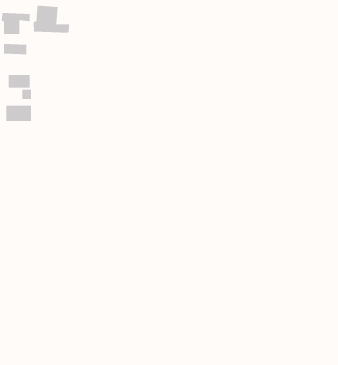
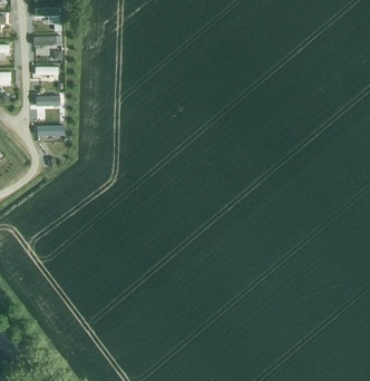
building: [33,5,70,34] -> none

